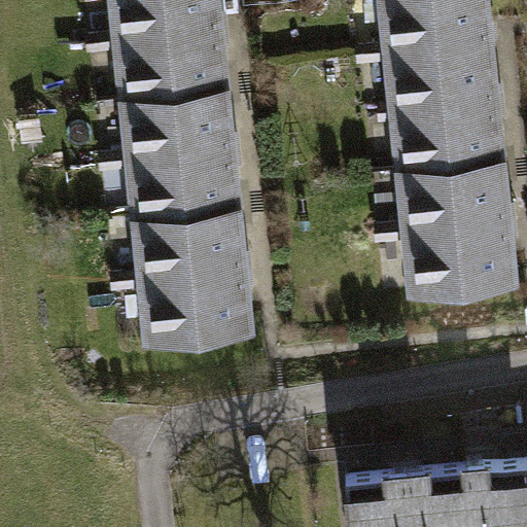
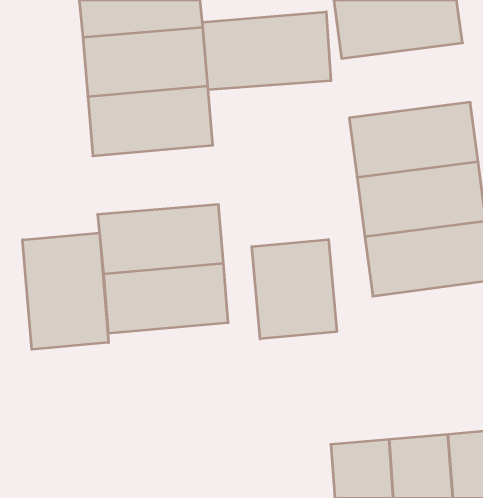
building: none -> [203,12,331,90]
building: [377,45,513,125] -> none
building: [114,153,247,226] -> none
building: none -> [23,233,109,349]
building: none -> [252,239,337,339]

